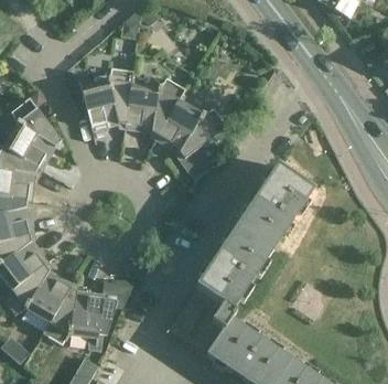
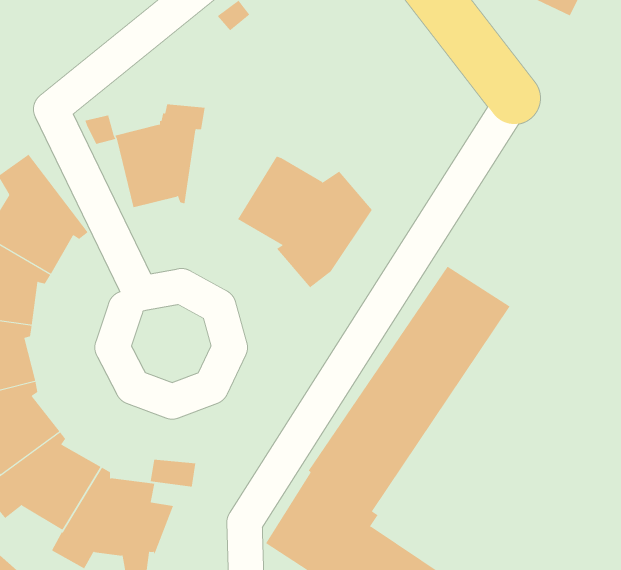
building: [122,76,186,136] -> none

